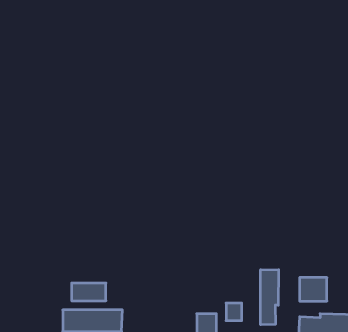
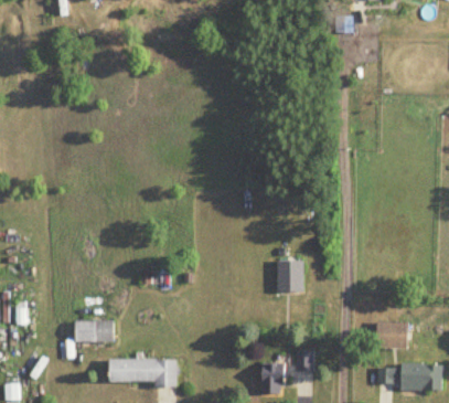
building: none -> [277,259,302,293]
building: [261,270,279,325] -> none
building: [72,283,106,301] -> [74,321,113,341]

